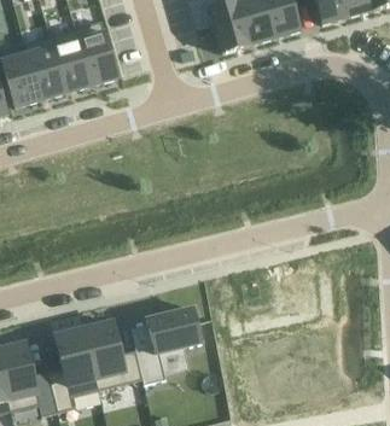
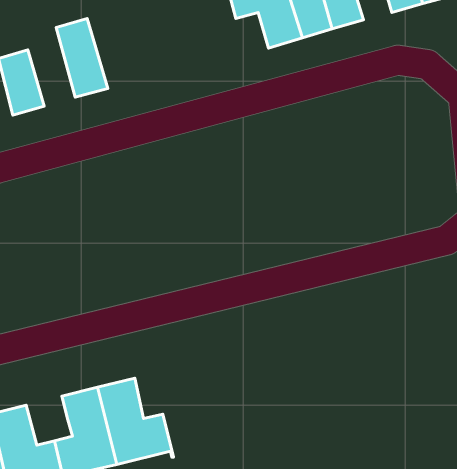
building: [75,19,117,84] -> none
building: [24,35,65,99] -> none
building: [136,307,202,384] -> none

